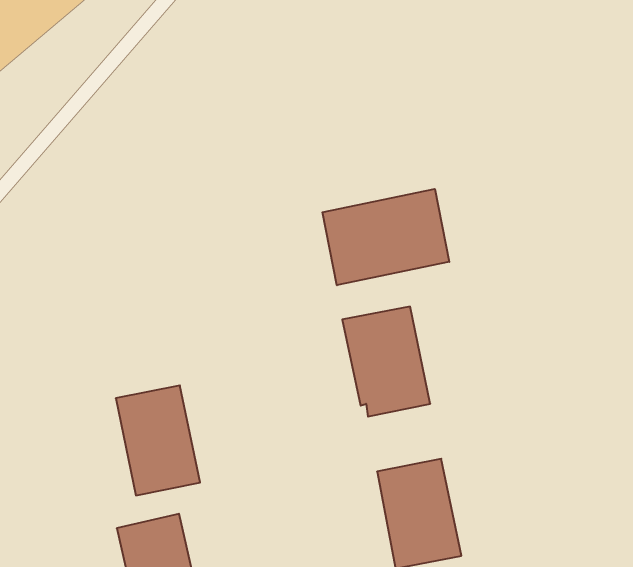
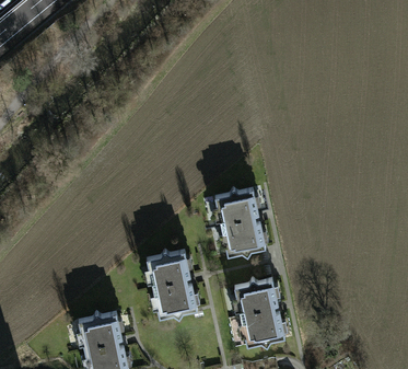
building: [322,189,449,285] -> none
building: [116,385,200,495] -> [147,251,197,316]

